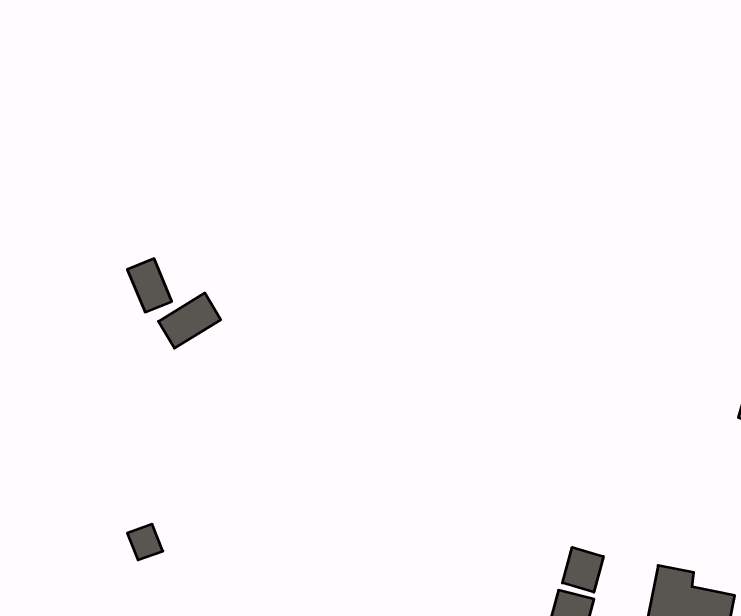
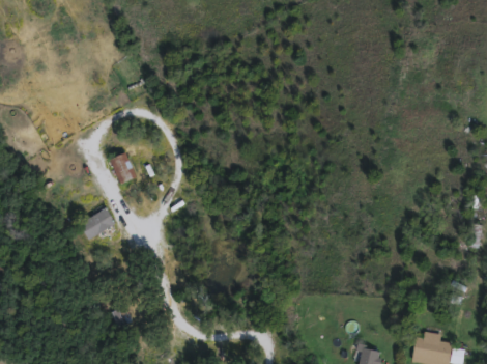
building: [158,293,221,348] -> [79,207,115,240]
building: [562,547,603,592] -> none

